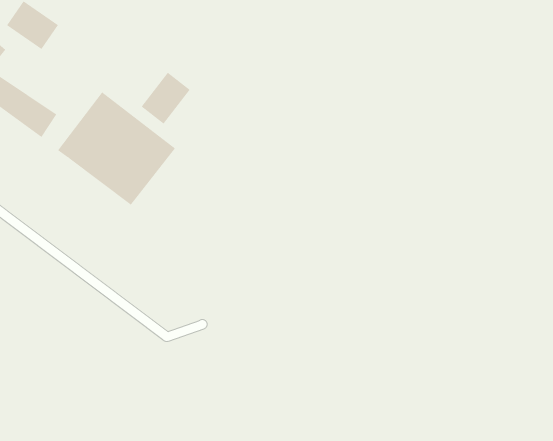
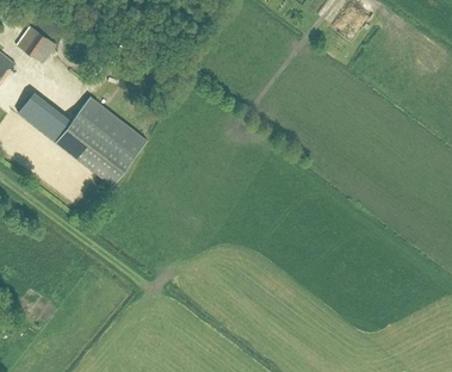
building: [141,72,190,124] -> none

